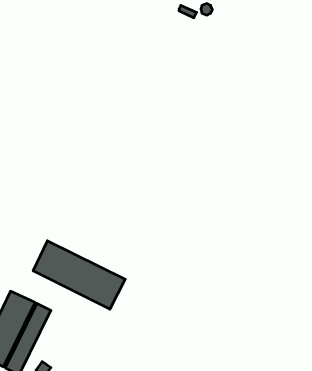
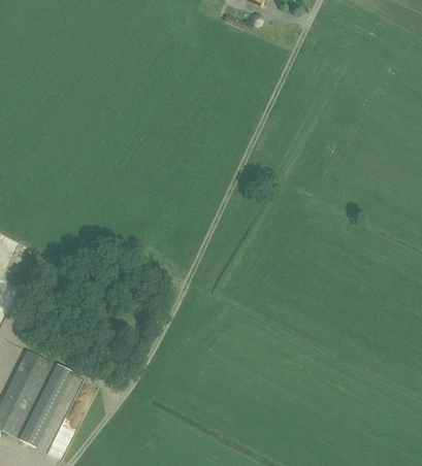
building: [33,241,125,309] -> none

